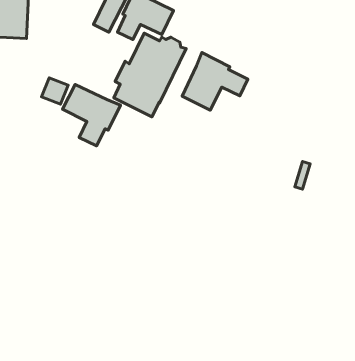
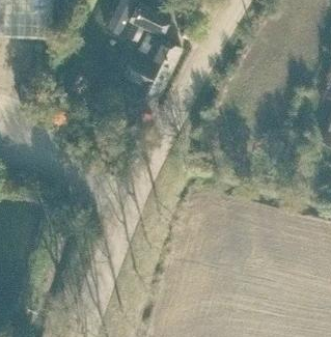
building: [182,53,248,110] -> none
building: [63,84,120,146] -> none

